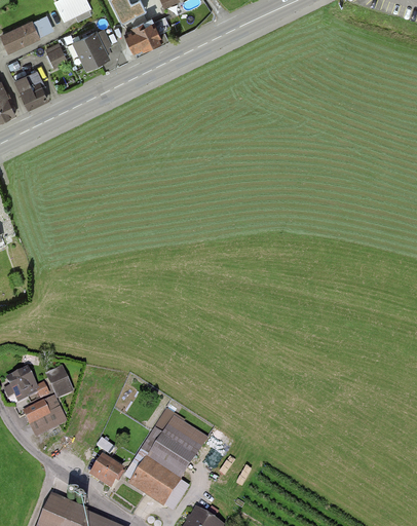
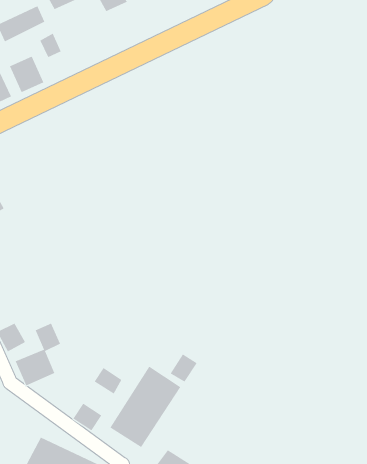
building: [127,21,161,50] -> none
building: [72,29,112,72] -> none
building: none -> [170,353,197,382]
building: none -> [94,367,122,394]

